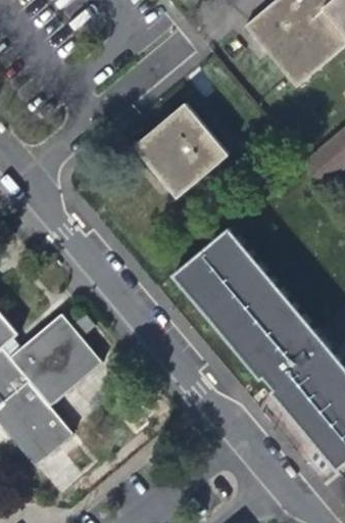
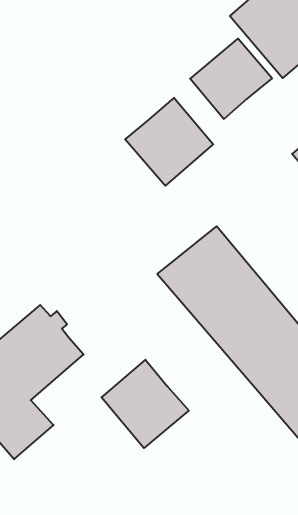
building: none -> [190,39,272,119]
building: none -> [101,360,189,448]

